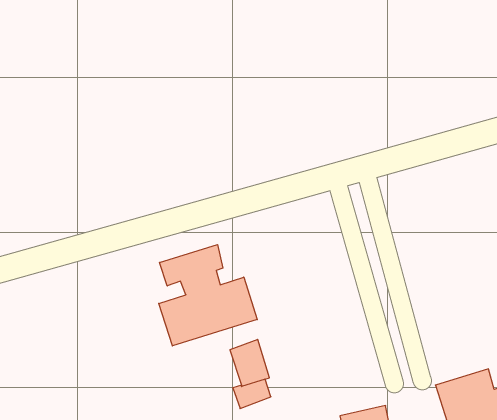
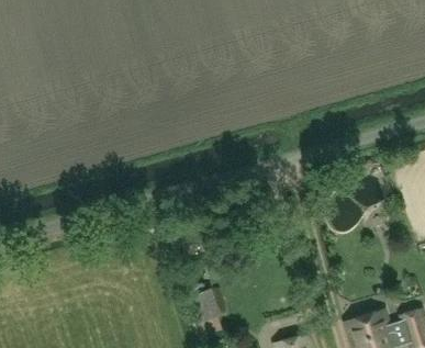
building: [159,245,257,346] -> none

